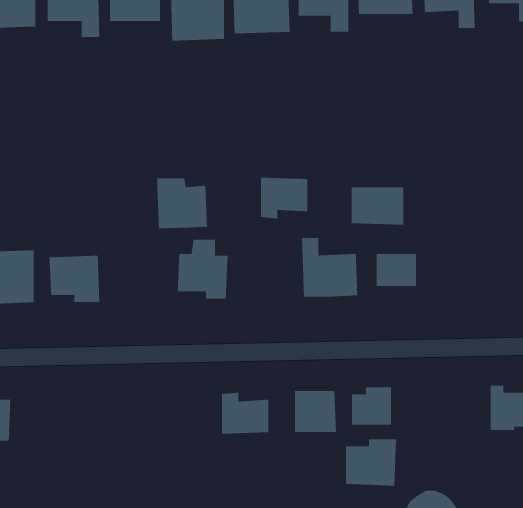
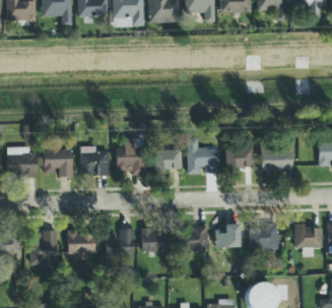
building: [260,177,308,219] -> [154,148,182,173]
building: [156,178,208,229] -> [79,145,109,175]
building: [351,187,404,226] -> [261,147,291,170]
building: none -> [105,228,134,257]
building: none -> [67,229,95,257]
building: none -> [32,230,58,269]
building: [345,438,397,486] -> [249,222,278,249]

